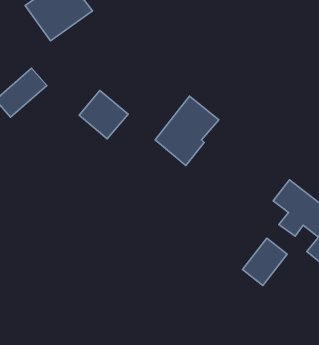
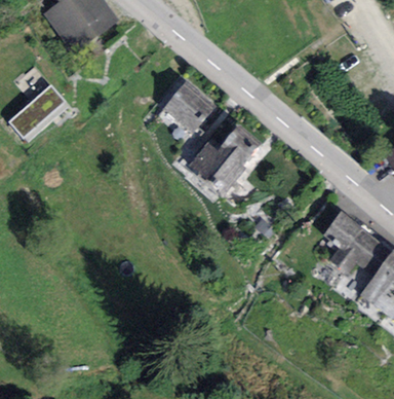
building: [79,91,128,139] -> [162,80,218,135]
building: [242,238,287,286] -> none

